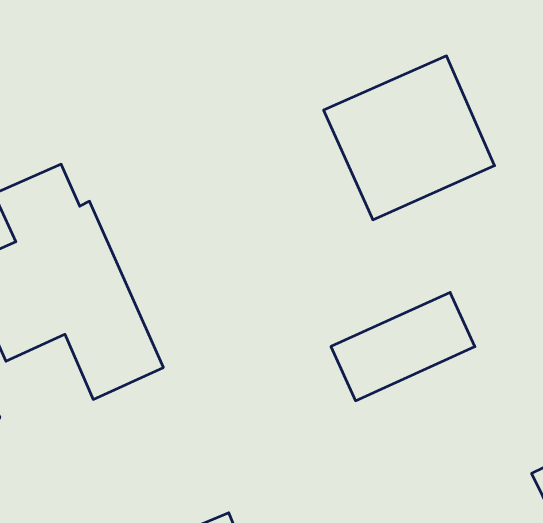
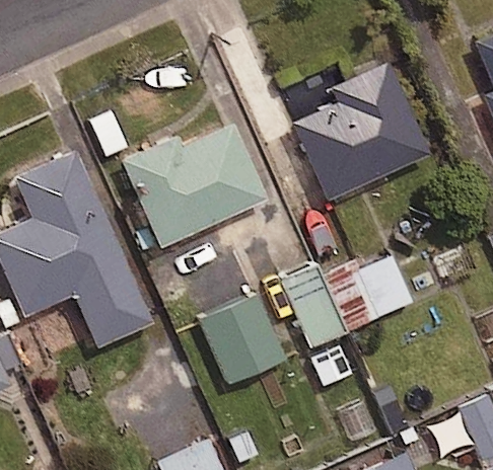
building: none -> [124,126,262,245]
building: none -> [203,298,281,384]

